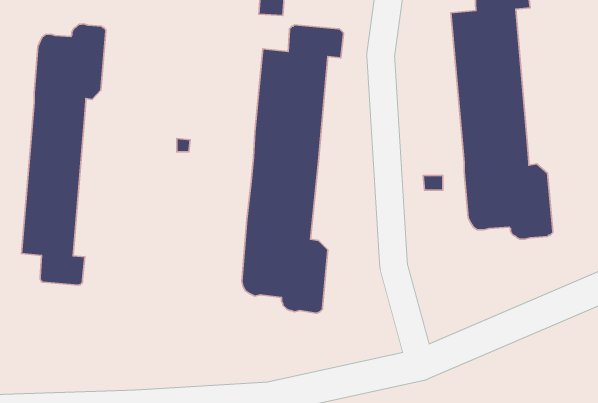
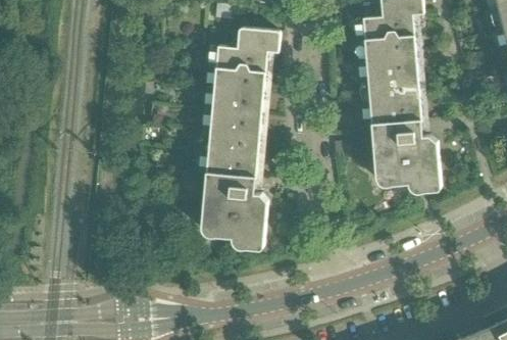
building: [22,24,106,285] -> none

